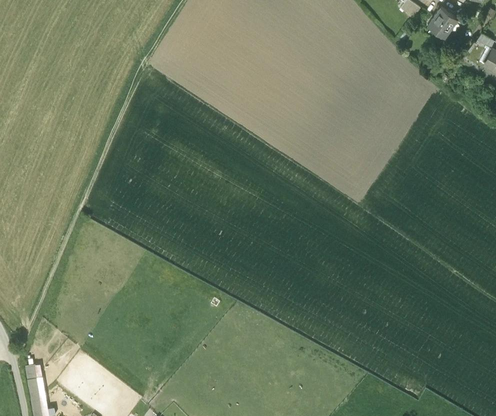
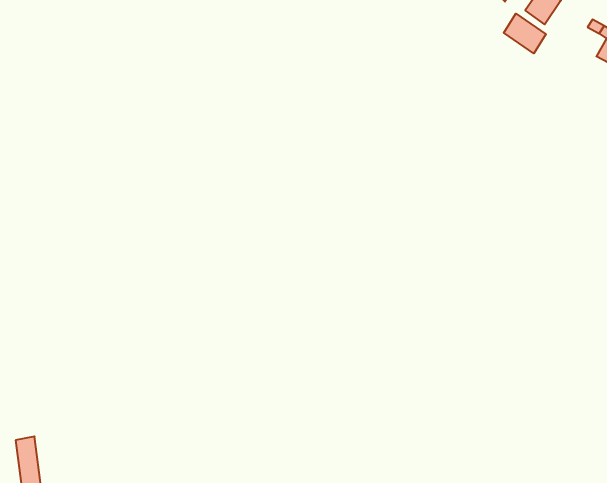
building: none -> [504,14,546,53]

